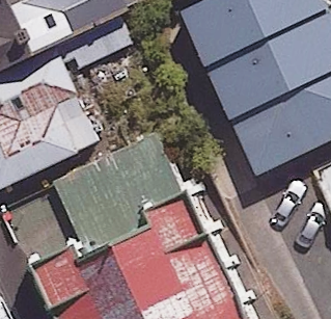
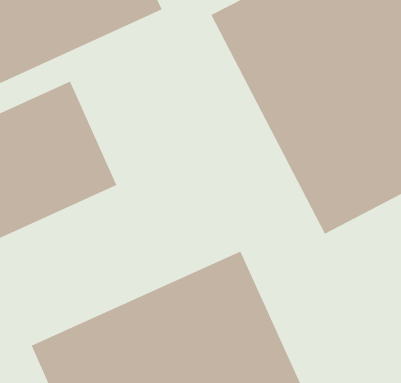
building: [44,140,170,244] -> none

